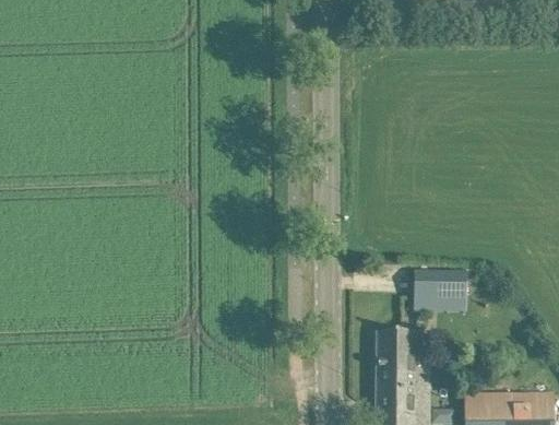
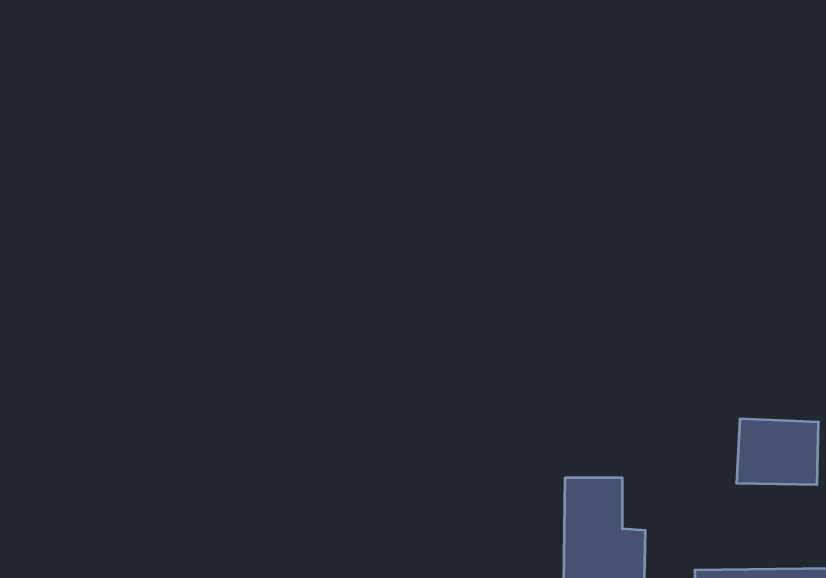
building: [412,268,466,311] -> [736,419,819,485]

